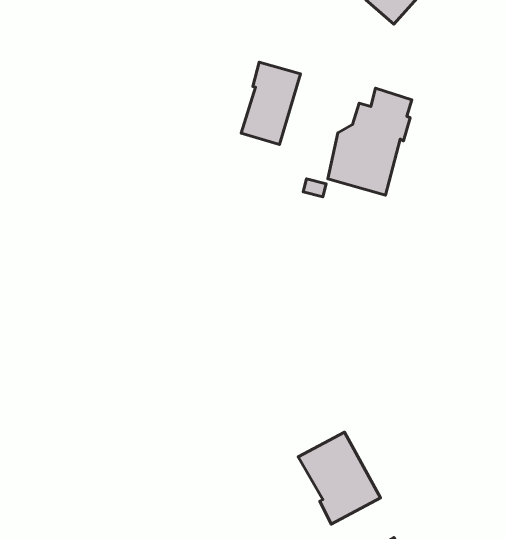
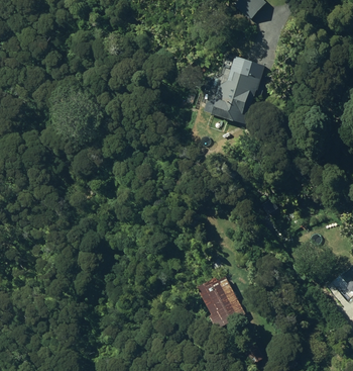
building: [241,62,300,144] -> none

